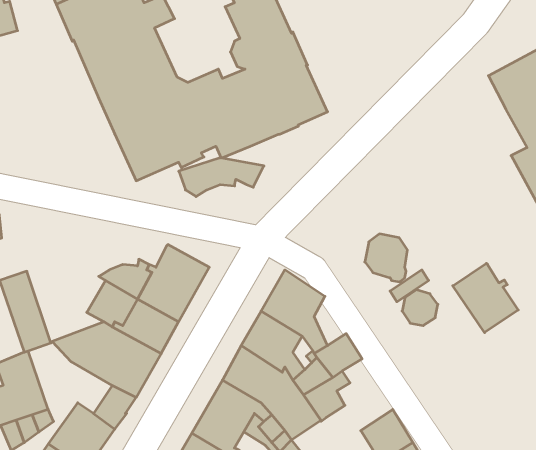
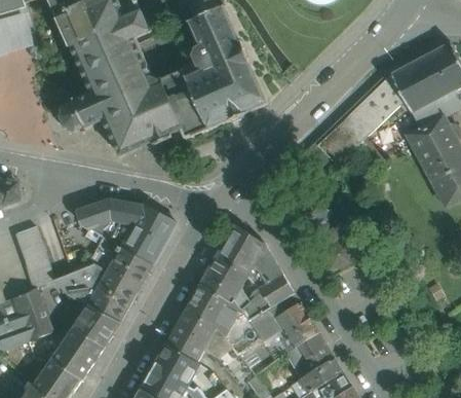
building: none -> [317,74,405,165]
building: none -> [52,92,103,133]
building: [179,158,264,197] -> [77,200,143,229]
building: [453,263,518,333] -> none
building: none -> [274,302,317,349]

